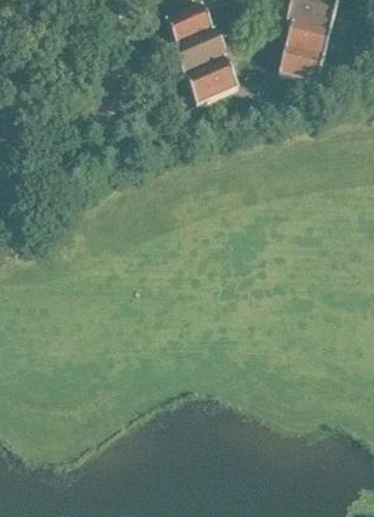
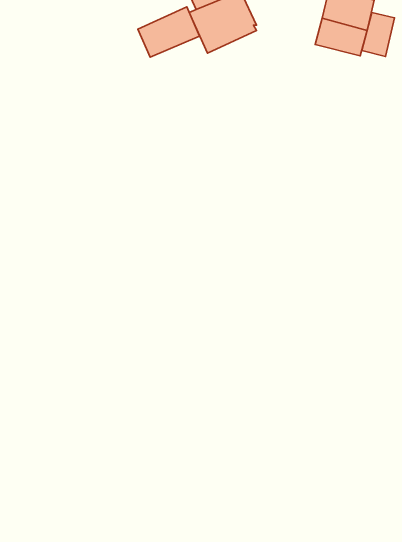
building: none -> [362,12,394,57]
building: [185,58,238,102] -> [138,7,199,57]

